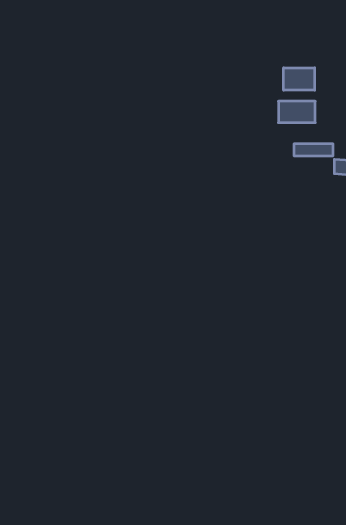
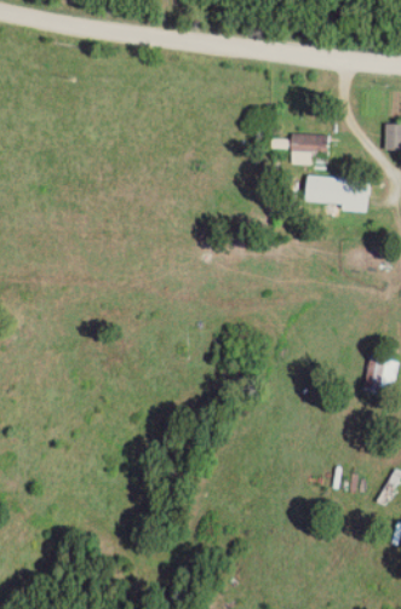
building: [284,68,315,90] -> none

